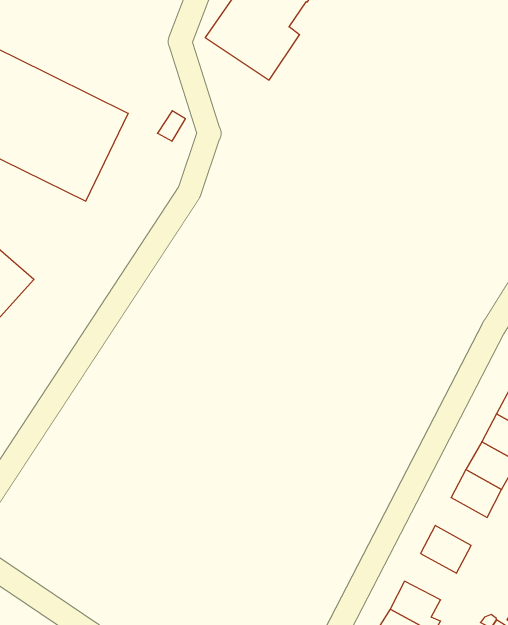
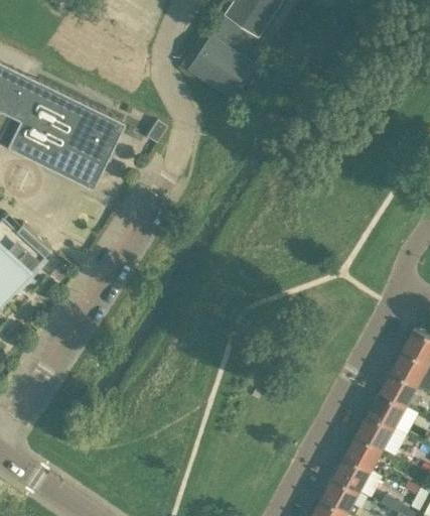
building: none -> [355,414,395,450]
building: none -> [332,457,372,492]

